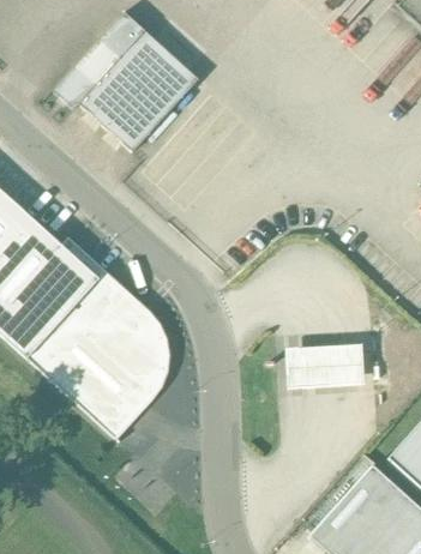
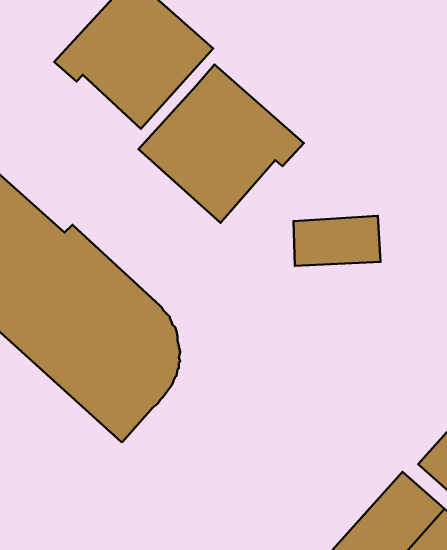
building: none -> [138,65,304,223]
building: [288,349,367,395] -> [294,216,380,266]

